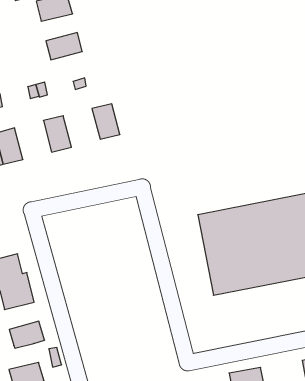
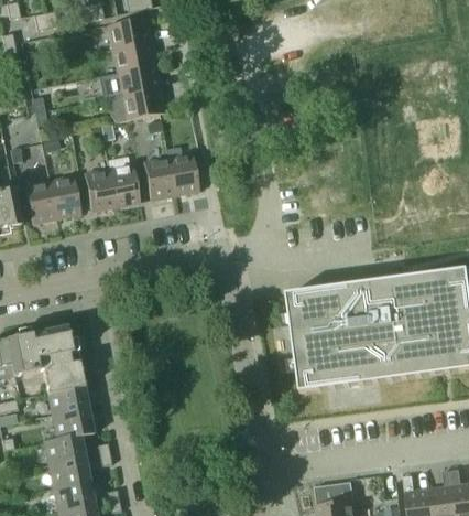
building: none -> [111,41,154,72]
building: none -> [108,87,163,121]
building: none -> [142,157,174,200]
building: none -> [83,168,114,211]
building: none -> [46,386,87,417]
building: none -> [43,436,84,465]

